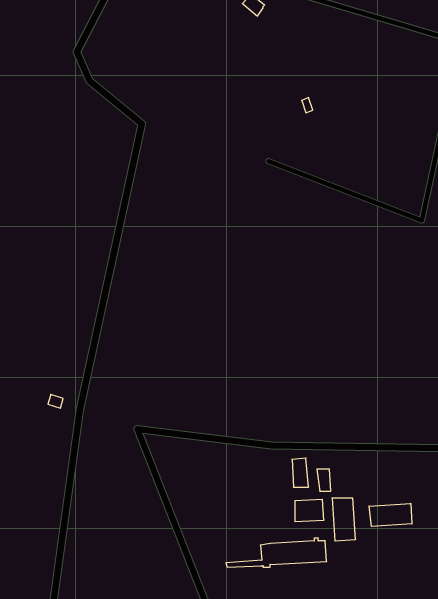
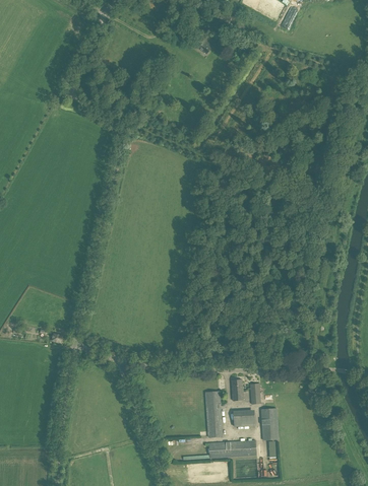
building: none -> [205,392,223,437]
building: [369,503,412,526] -> none

